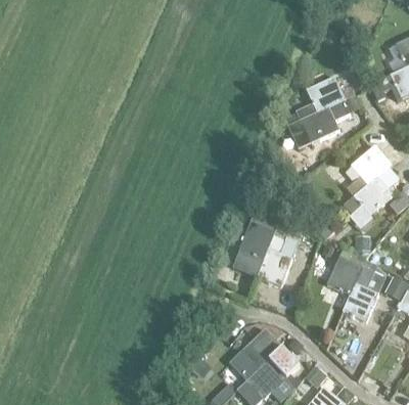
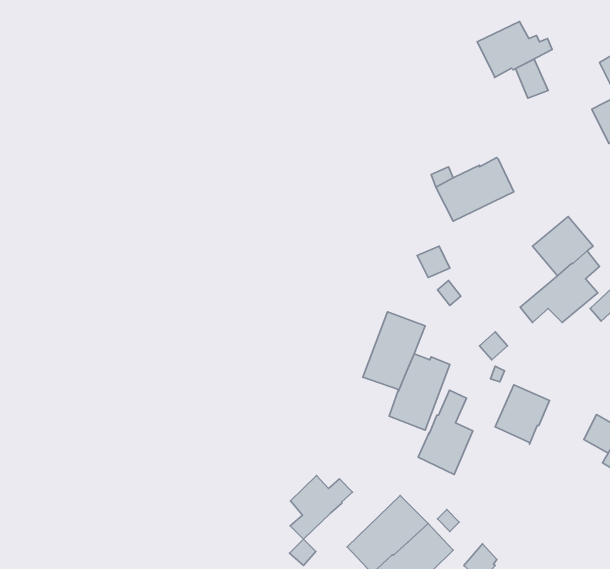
building: [305,77,354,114] -> [477,21,552,78]
building: [342,267,377,322] -> [418,390,473,474]
building: none -> [290,476,353,539]

